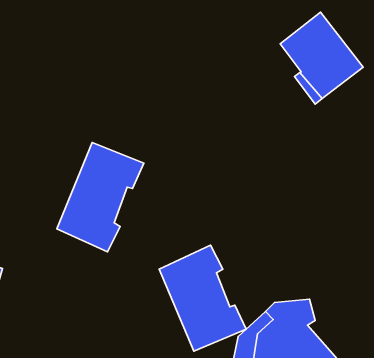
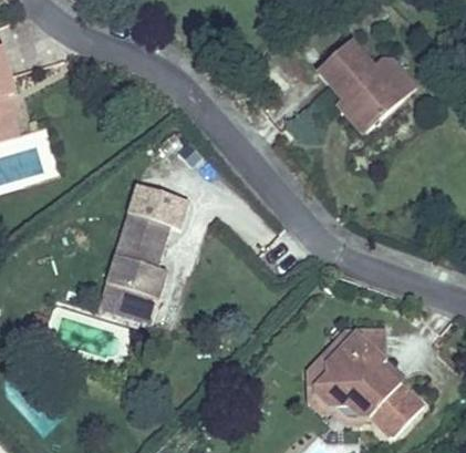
building: none -> [95,281,159,323]
building: [159,245,246,351] -> none

